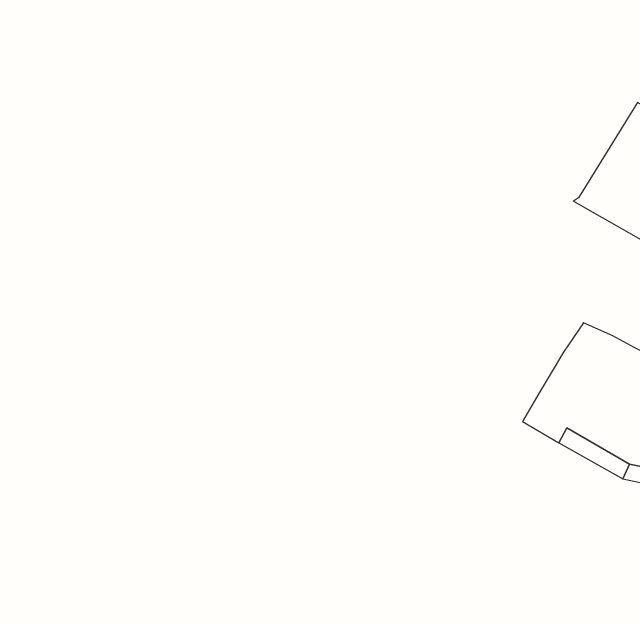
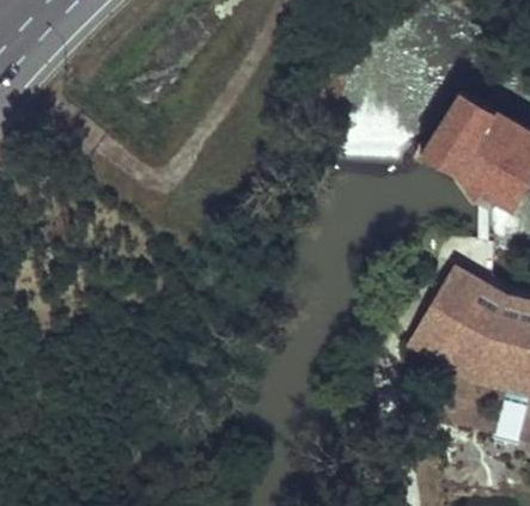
building: none -> [415,92,493,179]

